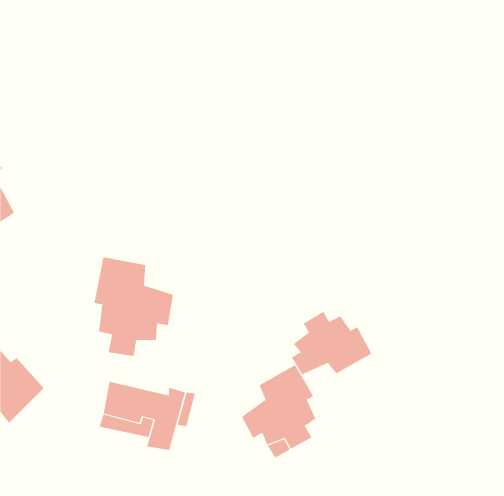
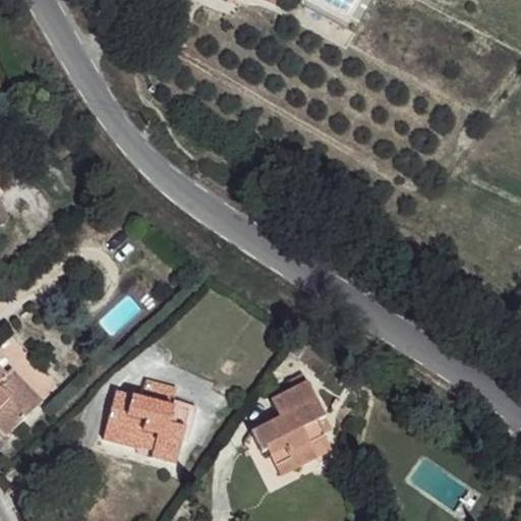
building: [94,257,173,357] -> none
building: [291,311,372,375] -> none

